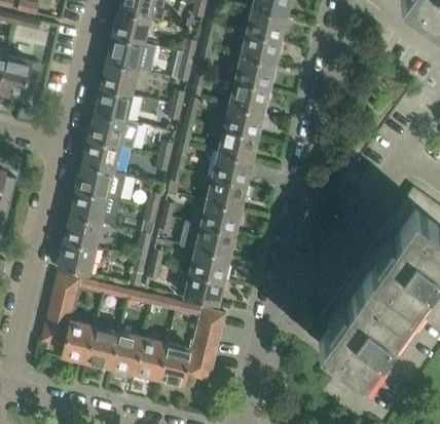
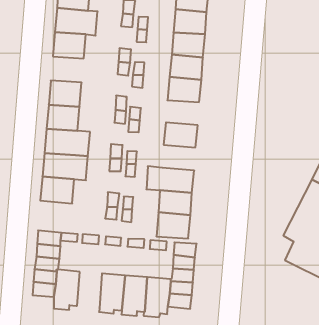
building: [95,88,134,121] -> none
building: [207,153,251,186] -> none
building: [200,201,240,234] -> none
building: [58,241,98,276] -> none
building: [84,324,118,369] -> none

